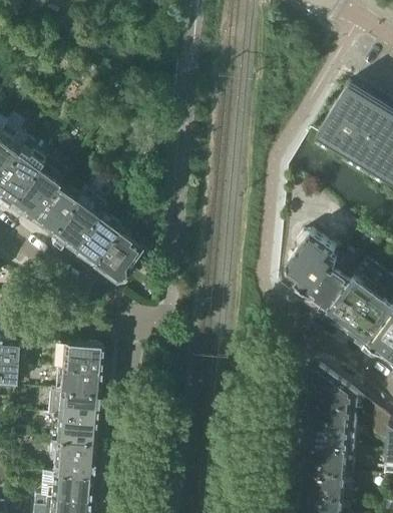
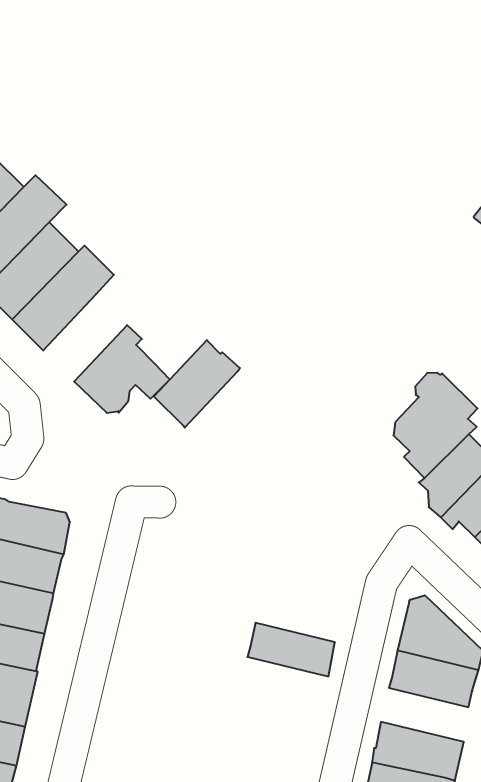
building: [71,212,120,267] -> [154,340,240,428]
building: [304,424,355,450] -> [247,623,335,676]

